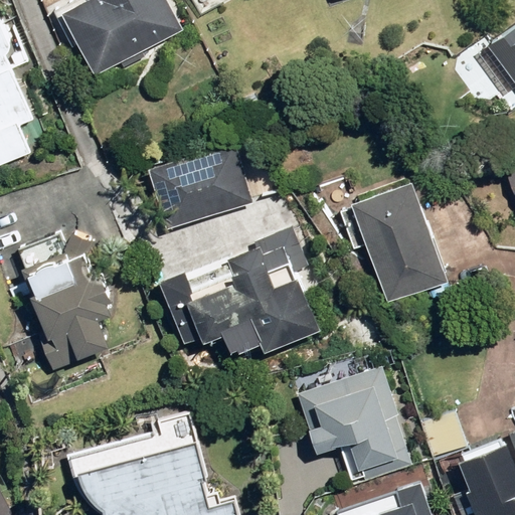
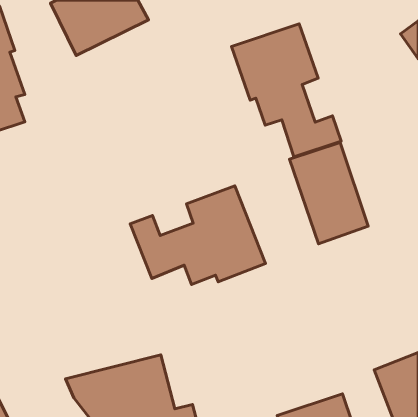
building: none -> [232,24,341,157]
building: [150,148,250,227] -> none
building: [21,233,116,369] -> none
building: [295,370,409,481] -> none

